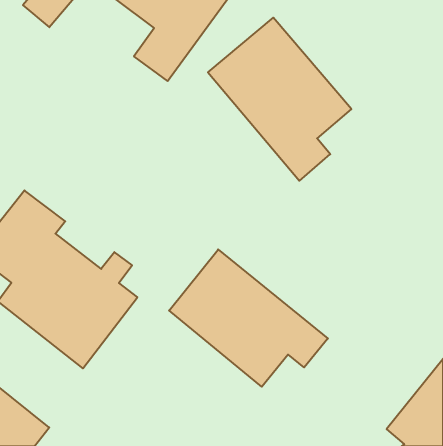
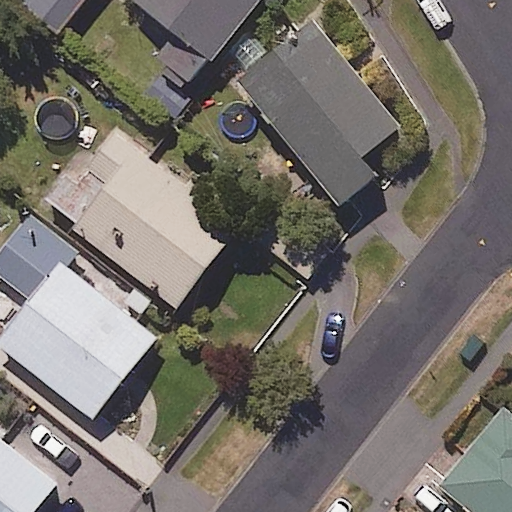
building: none -> [40,127,238,308]
building: [169,249,328,387] -> none

